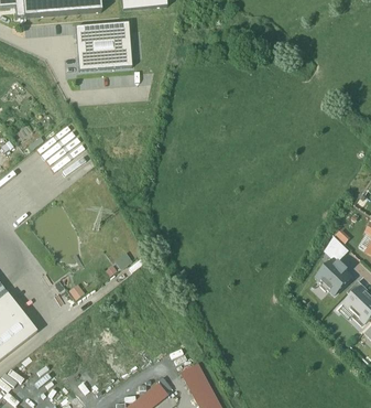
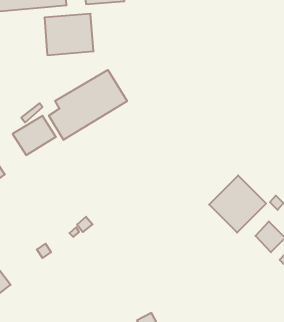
building: none -> [49,70,127,140]
building: none -> [209,175,266,233]

